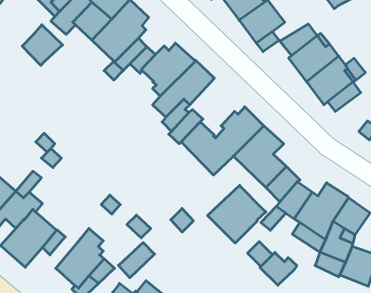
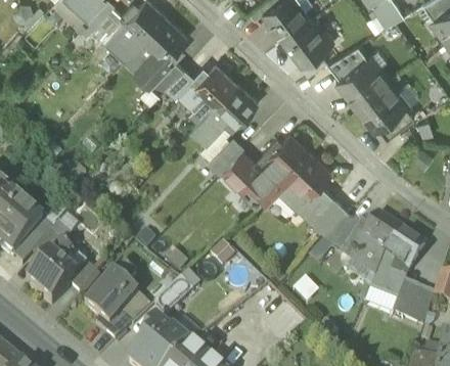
building: [22,25,63,65] -> none
building: [208,185,266,243] -> none
building: [260,252,297,285] -> none

